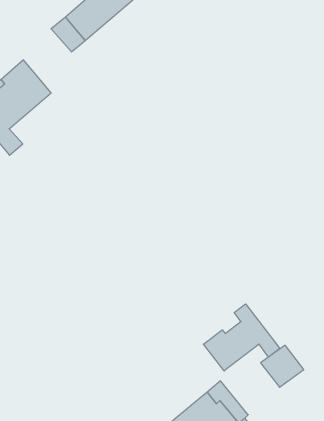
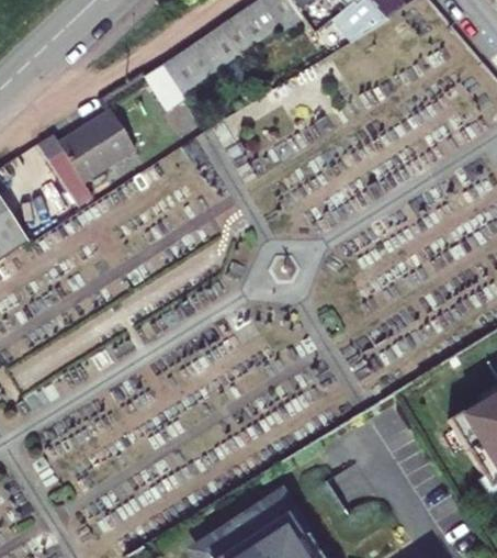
building: [203,304,280,371] -> none

